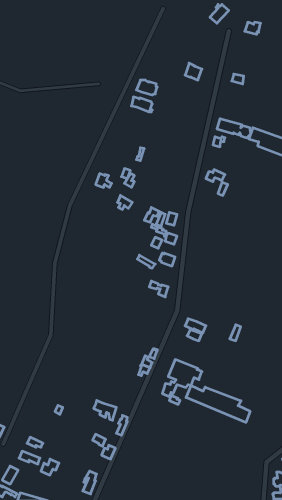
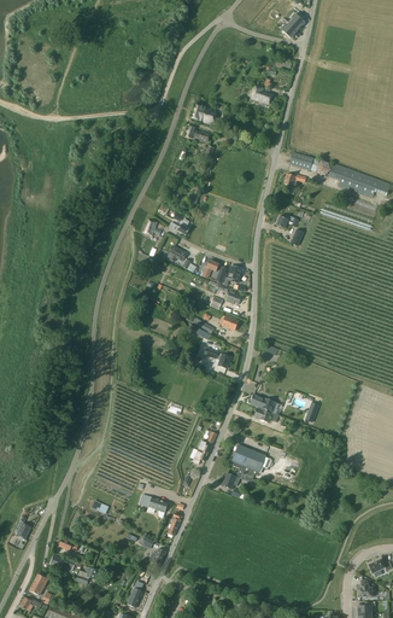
building: [186,385,250,422] -> none

